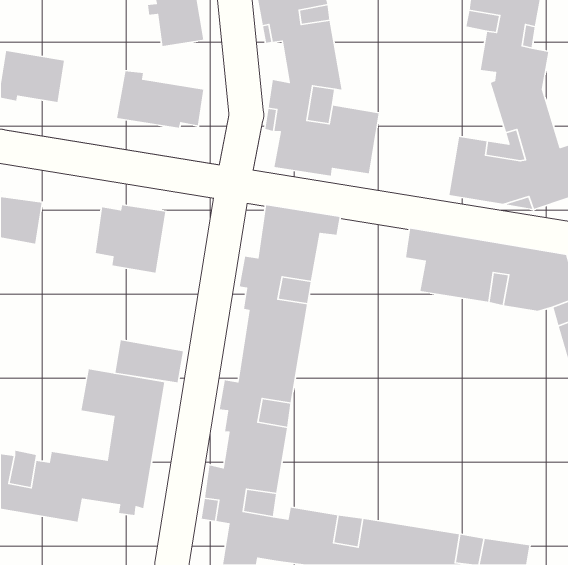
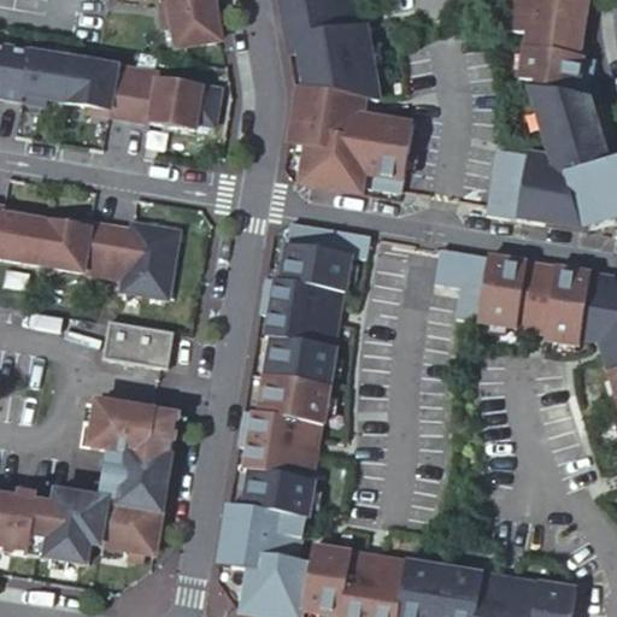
building: none -> [65,65,137,128]
building: none -> [41,218,112,274]
building: [115,340,184,383] -> [101,317,176,364]

